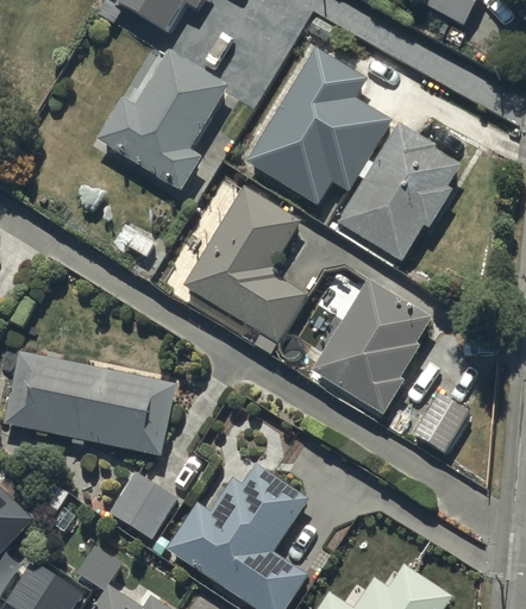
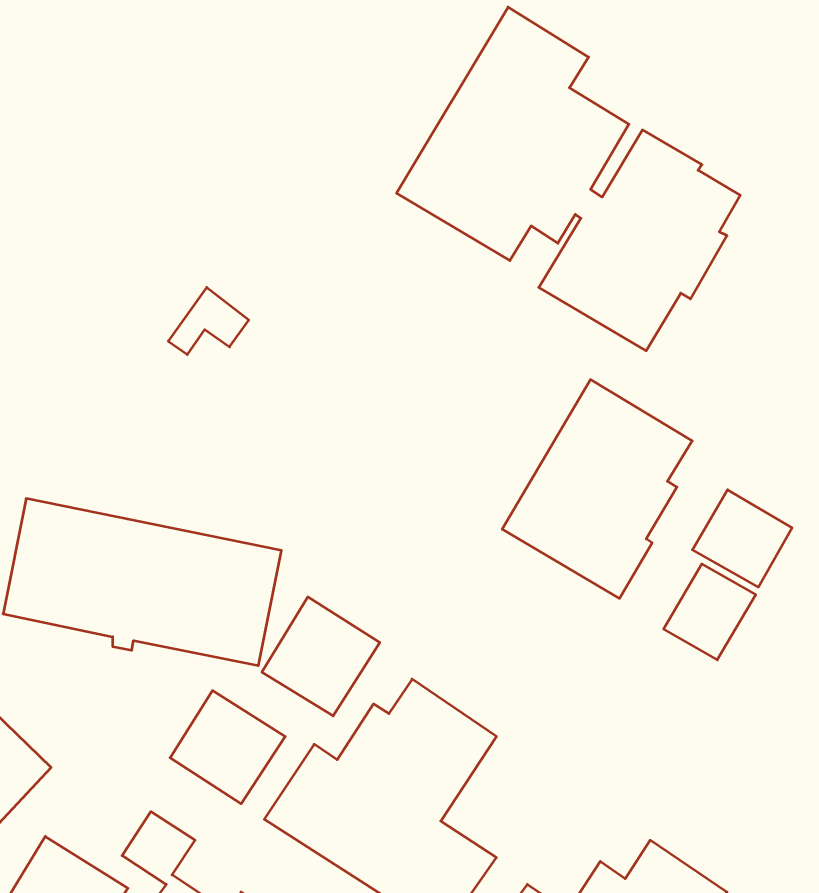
building: [98,49,227,189] -> none
building: [183,184,307,360] -> none
building: none -> [692,490,792,587]
building: none -> [262,597,380,716]

